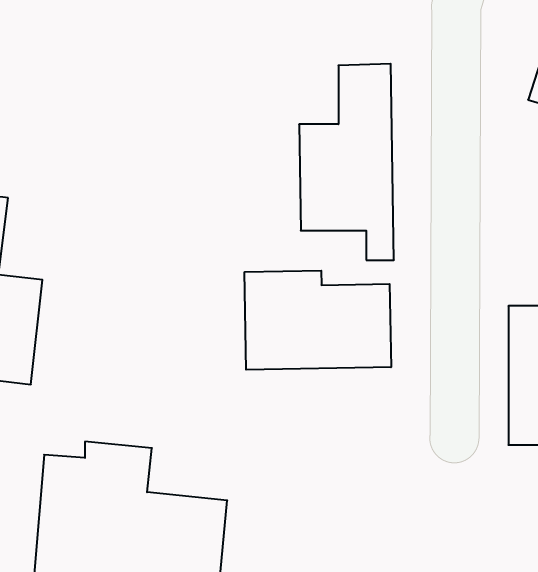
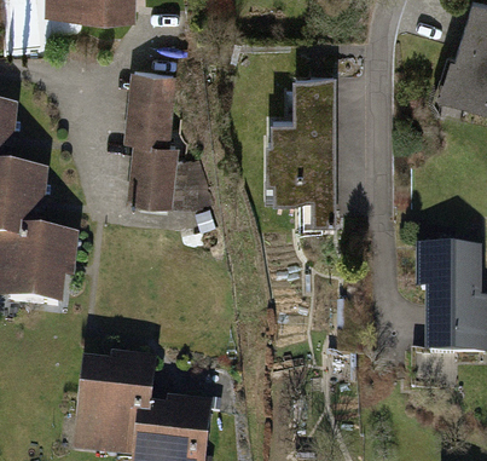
building: none -> [122,62,186,200]
building: [245,271,391,370] -> none

